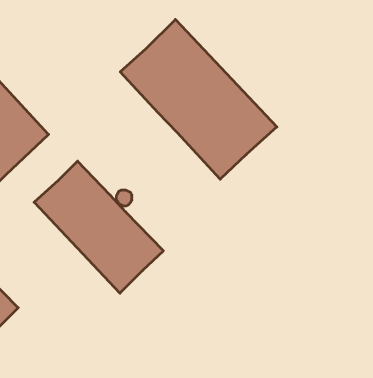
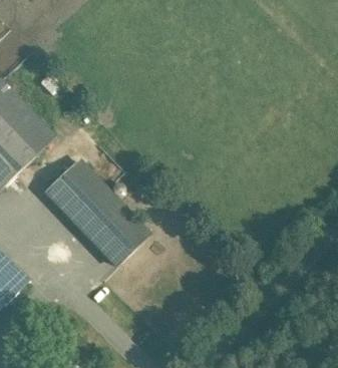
building: [120,19,277,179] -> none

